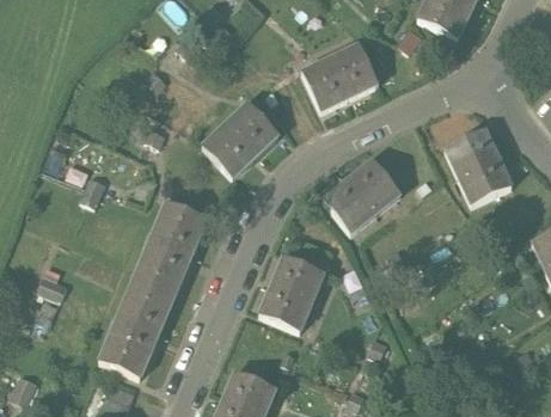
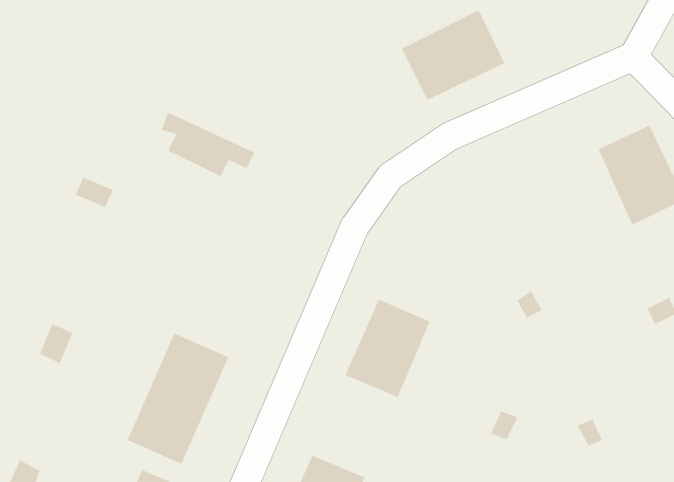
building: [202,104,276,177] -> none
building: [324,159,398,229] -> none
building: [134,202,208,299] -> none

